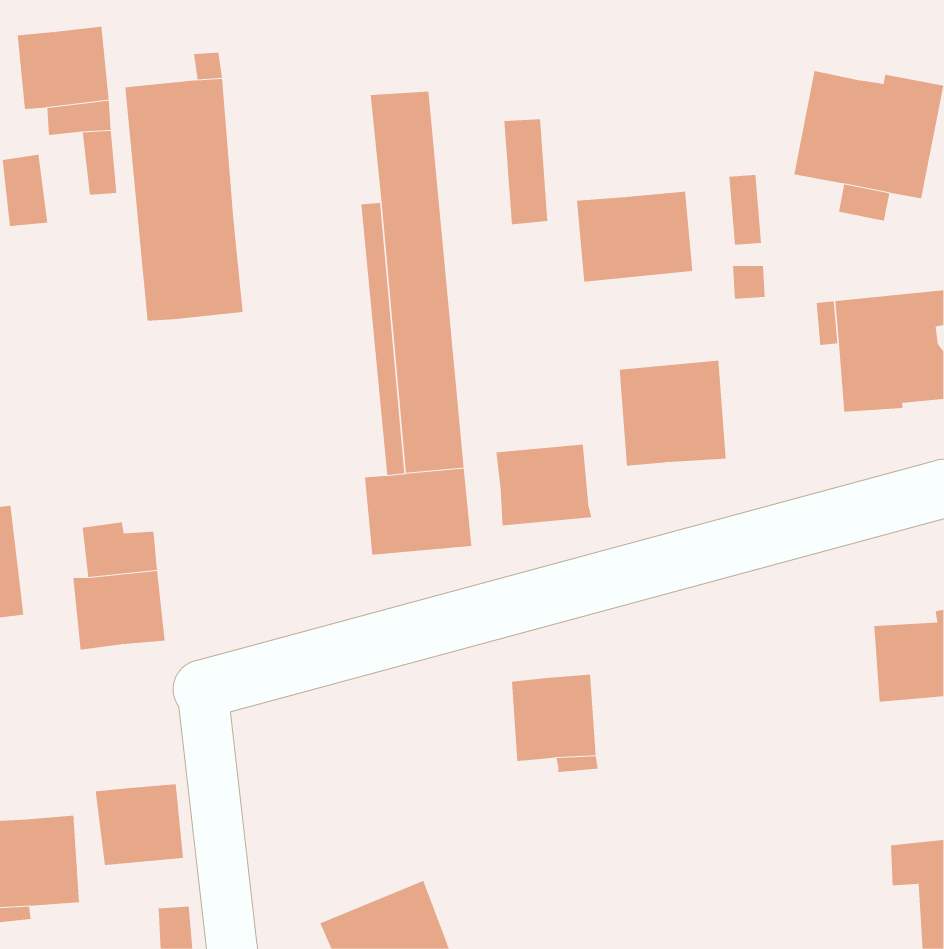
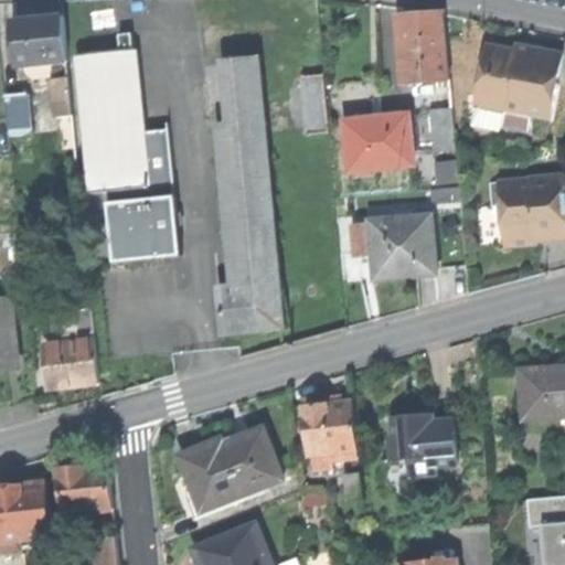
building: none -> [398,11,446,79]
building: none -> [104,128,177,257]
building: [496,444,592,526] -> none
building: none -> [387,413,456,475]
building: none -> [175,426,280,510]

